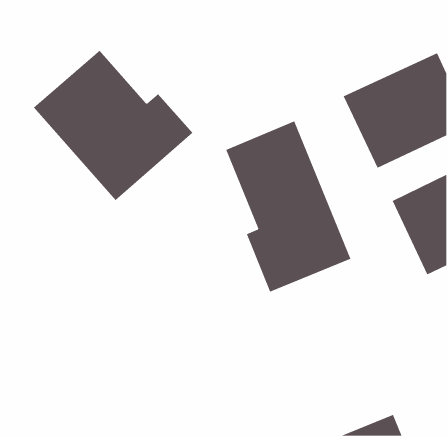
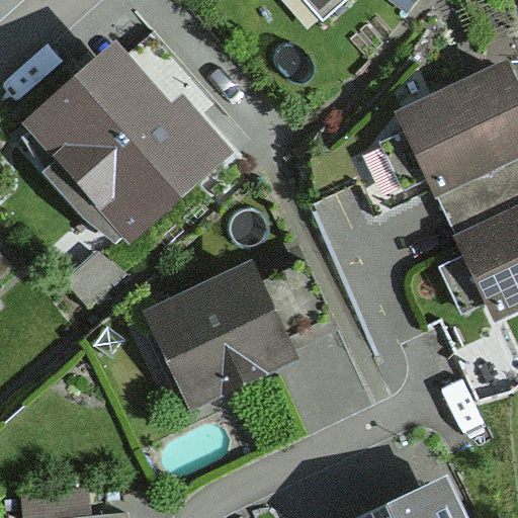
building: [225,121,351,293] -> none
building: none -> [157,277,283,392]

